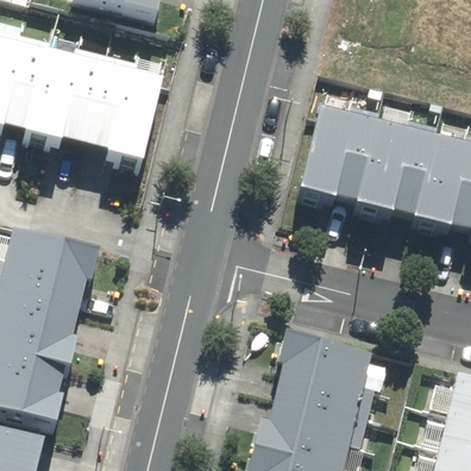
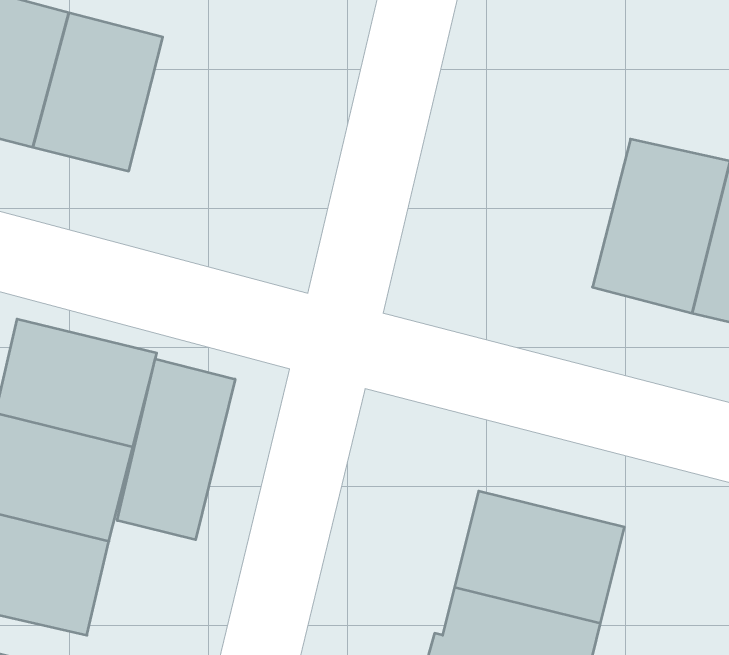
building: [78,62,155,156] -> none
building: [295,108,377,211] -> none
building: none -> [117,359,235,540]

